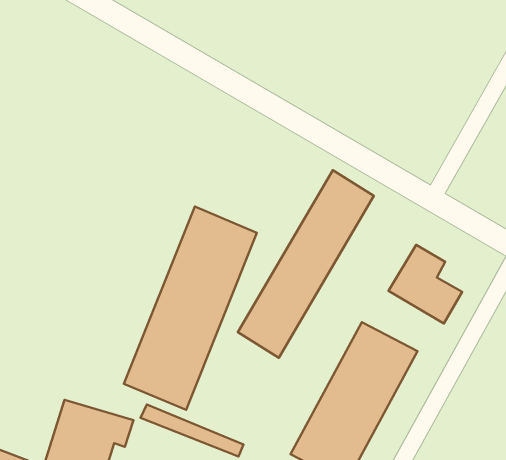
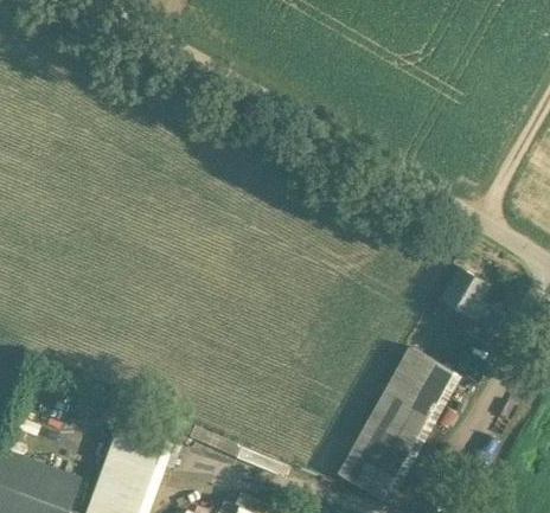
building: [238,170,374,358] -> none
building: [124,206,257,410] -> none

